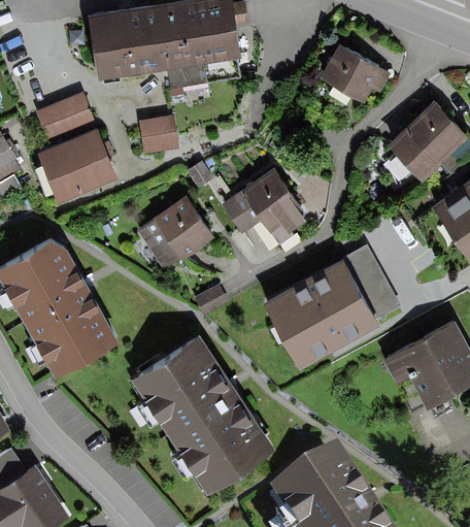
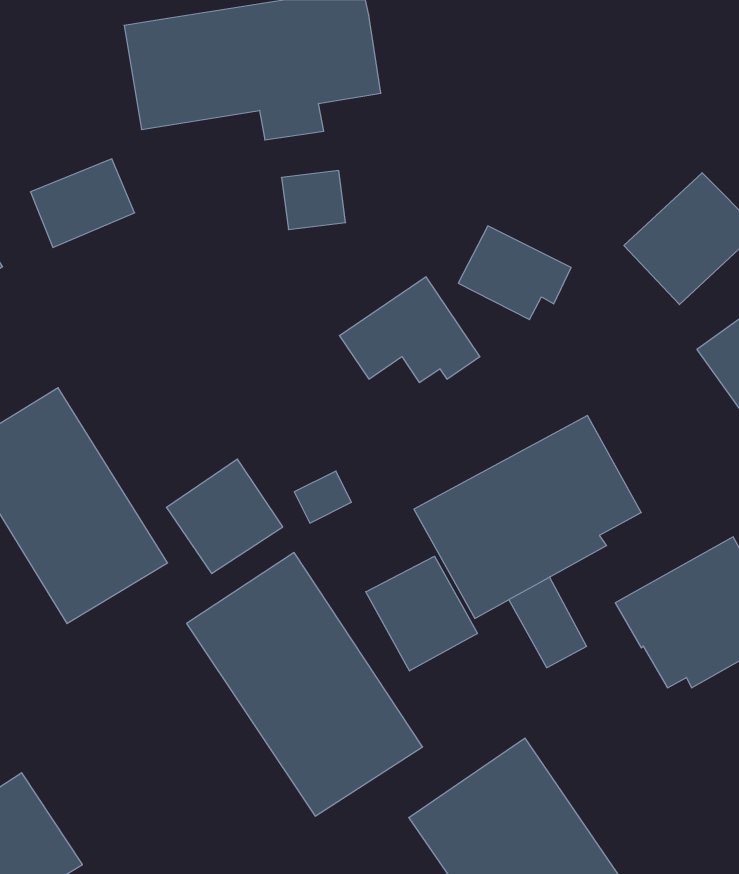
building: [322,42,389,98] -> [458,226,571,320]
building: [141,121,179,156] -> [281,171,346,230]
building: [39,129,120,206] -> none
building: [143,194,212,262] -> [166,459,283,574]
building: none -> [366,556,477,671]
building: none -> [509,577,587,668]

